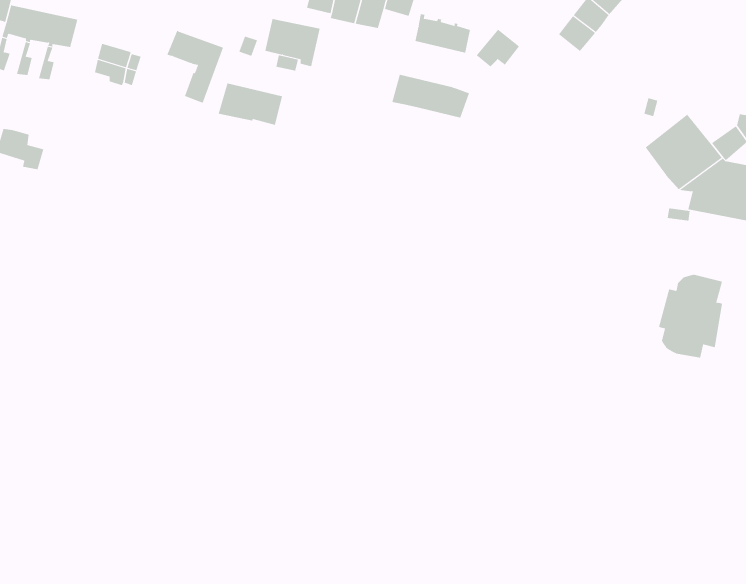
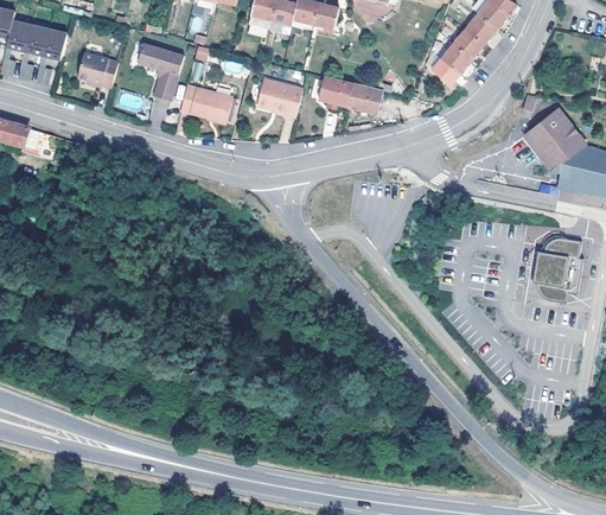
building: [415,13,470,54] -> none
building: [265,18,321,67] -> [257,78,302,117]
building: [476,29,520,67] -> [434,44,470,75]

